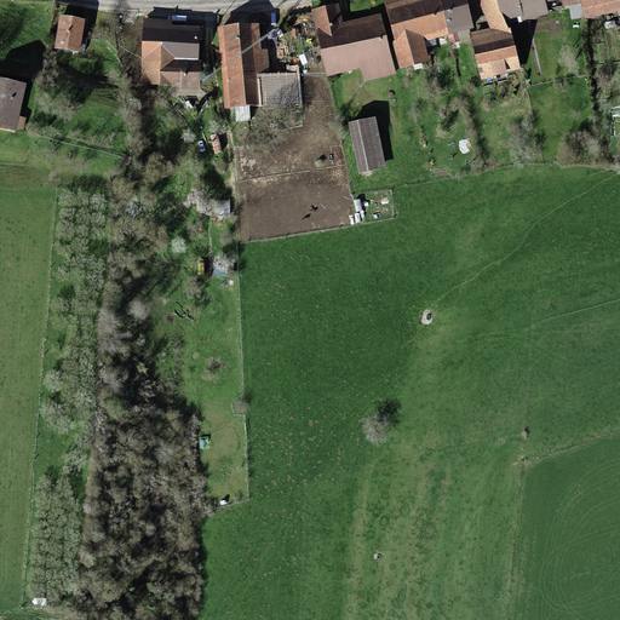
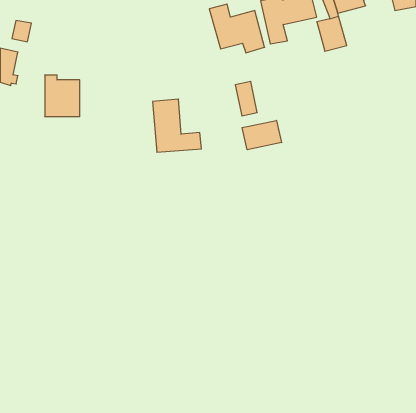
building: [56,18,85,50] -> [12,21,31,42]
building: [144,22,196,84] -> [45,75,80,117]
building: [219,25,292,104] -> [153,99,201,152]
building: none -> [242,120,282,150]

